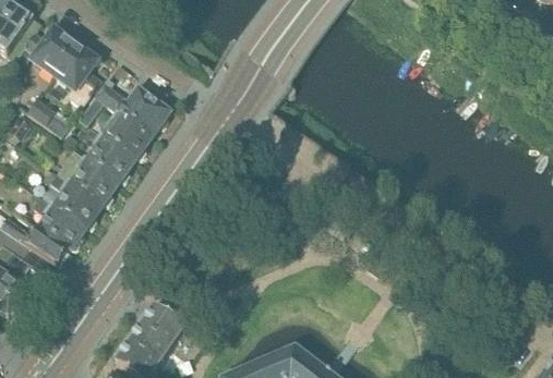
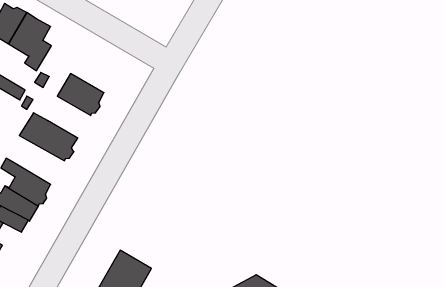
building: [94,75,168,133] -> none
building: [82,123,134,179] -> none
building: [44,167,101,225] -> none

